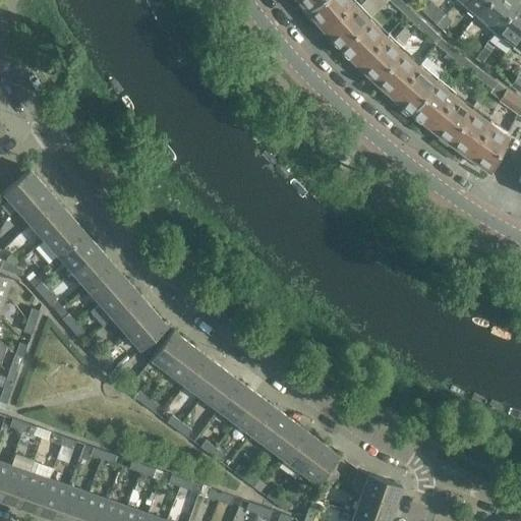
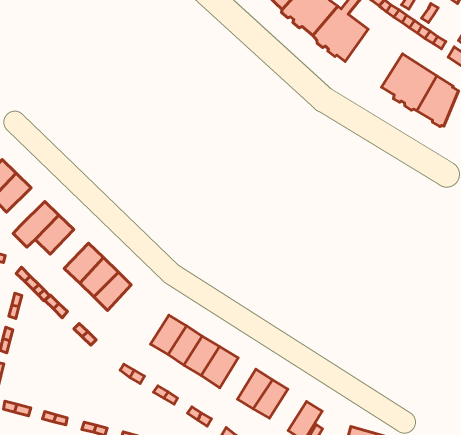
building: [393,57,453,126] -> none
building: [30,201,70,240] -> none
building: [71,248,112,288] -> none
building: [126,310,168,351] -> none
building: [151,332,189,373] -> none
building: [236,395,275,438] -> none
building: [285,431,325,474] -> none

